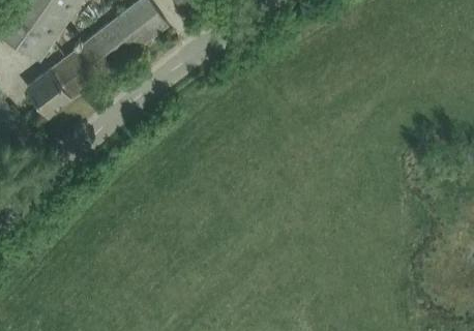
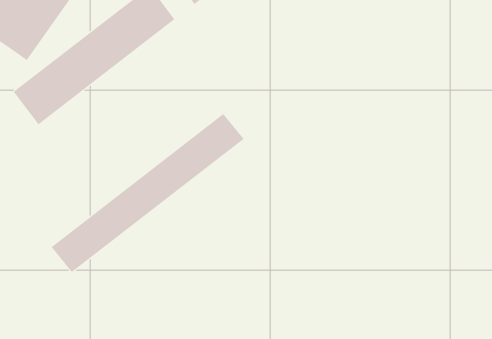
building: none -> [51,113,244,273]

